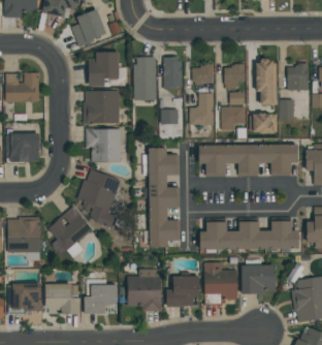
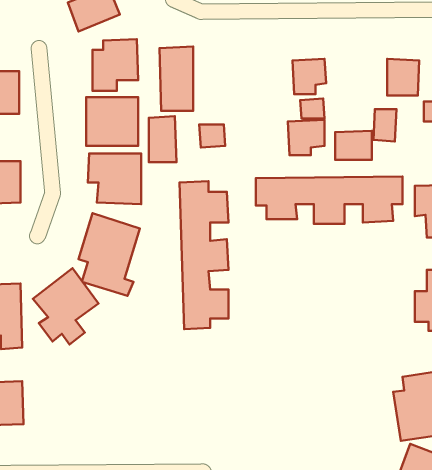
building: [164,56,183,87] -> [149,116,176,162]
building: [256,60,278,104] -> none
building: [192,65,215,83] -> none
building: [190,93,215,124] -> none
building: [200,220,299,249] -> none
building: [204,261,238,304] -> none
building: [242,264,276,292] -> none
building: [128,269,162,311] -> none
building: [166,275,200,306] -> none
building: [45,283,80,314] -> none
building: [85,284,117,313] -> none

